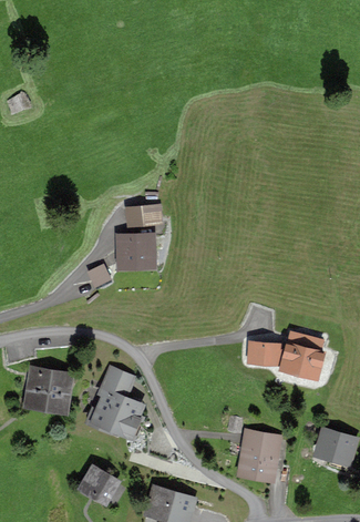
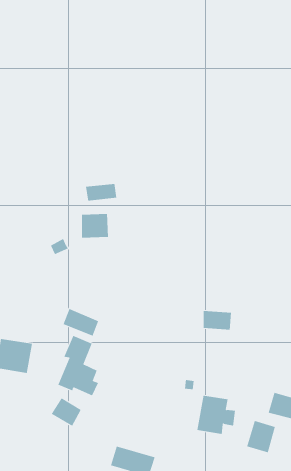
building: [282,335,321,375] -> none
building: none -> [63,308,99,336]
building: none -> [247,420,275,453]
building: [82,470,115,501] -> [51,397,82,426]

